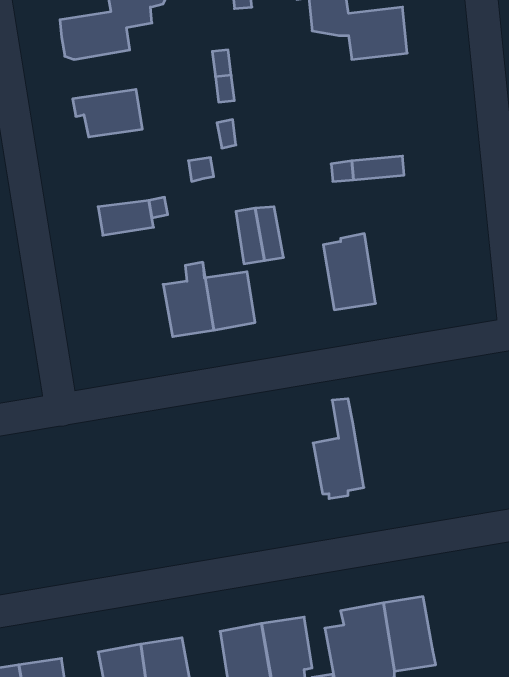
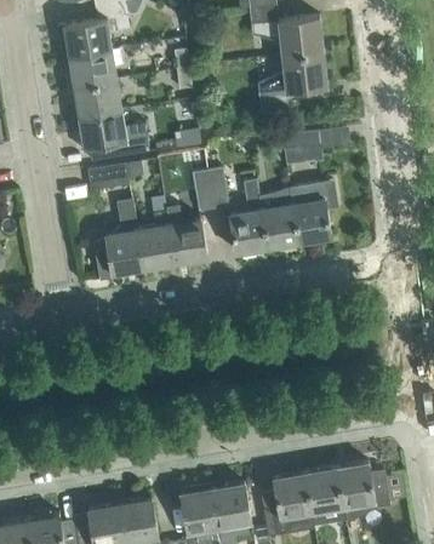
building: none -> [65,48,116,86]
building: none -> [256,51,327,109]
building: none -> [75,109,149,155]
building: none -> [291,181,337,242]
building: none -> [95,200,144,280]
building: [313,399,364,499] -> [229,179,268,256]
building: none -> [336,462,390,519]

